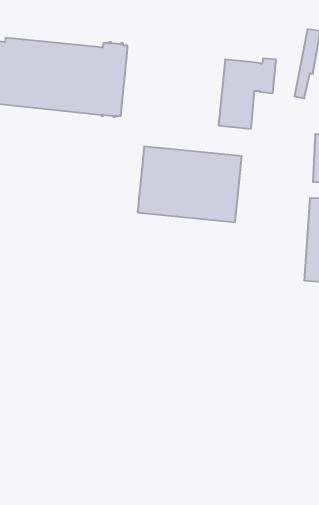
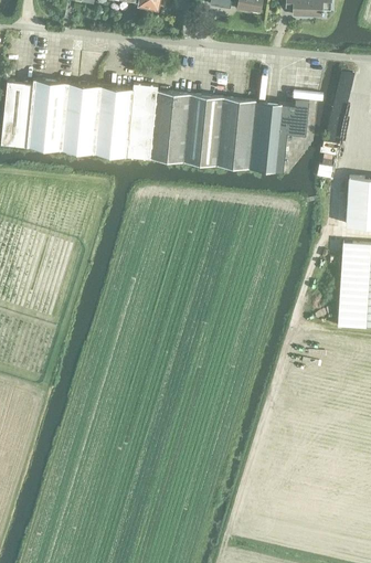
building: [138,146,242,222] -> [151,93,257,170]

